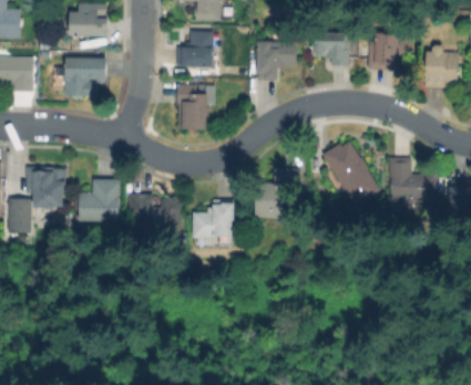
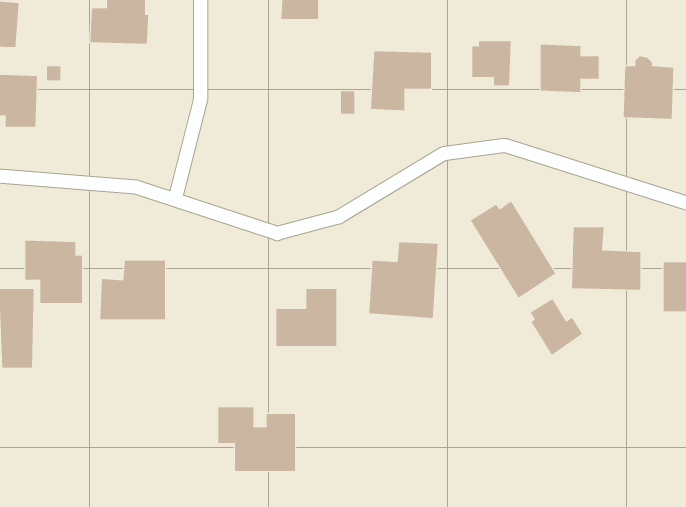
building: [176,30,213,67] -> none
building: [65,60,105,96] -> none
building: [178,77,213,127] -> none
building: [129,194,181,237] -> [218,407,296,472]
building: none -> [530,298,583,356]

